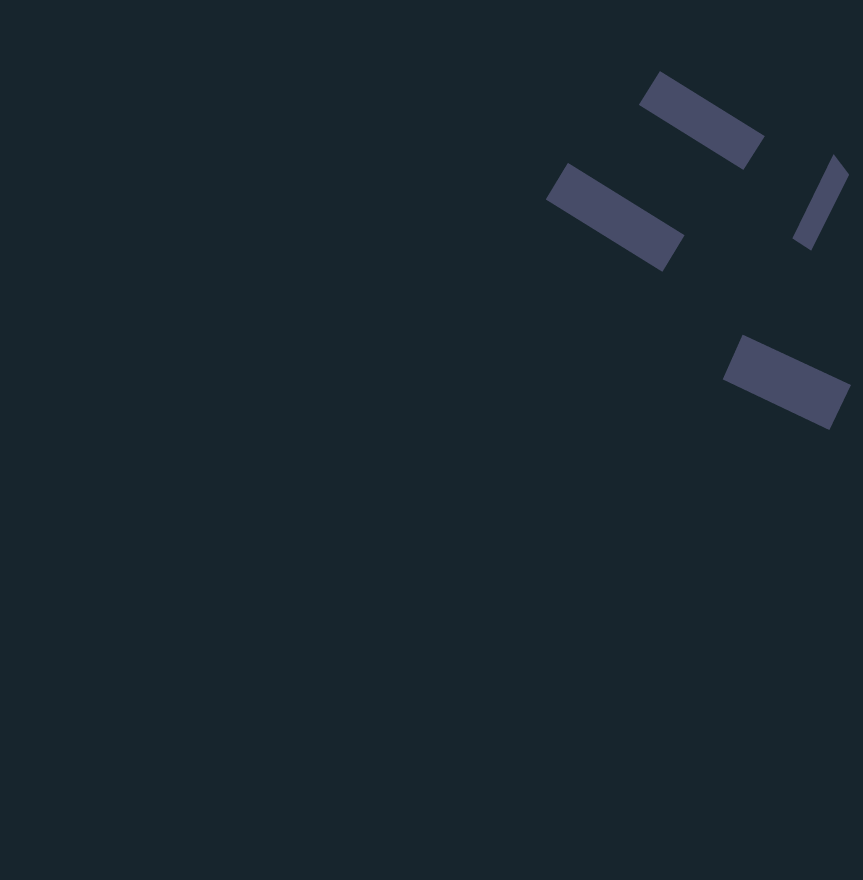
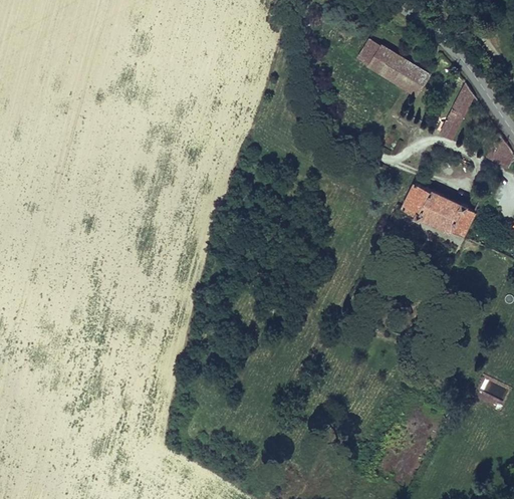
building: [545,162,686,273] -> none

